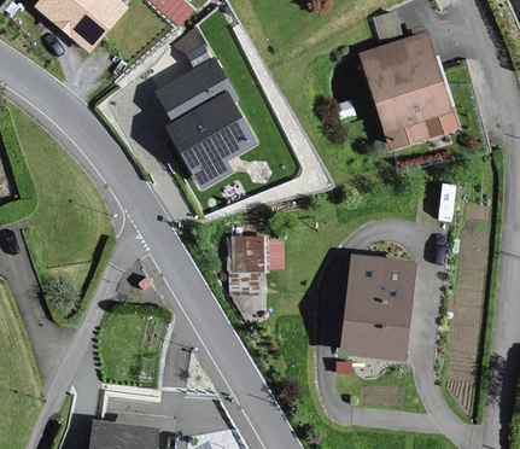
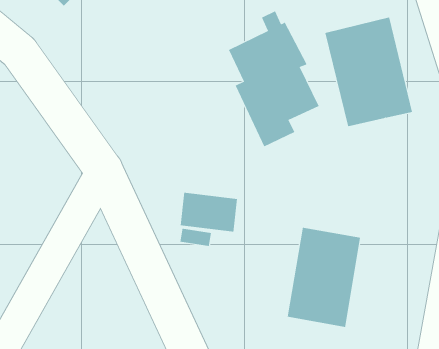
building: [154,47,253,189] -> [228,10,319,147]

